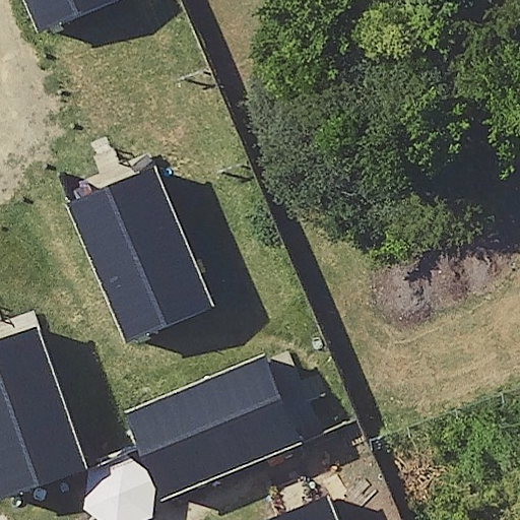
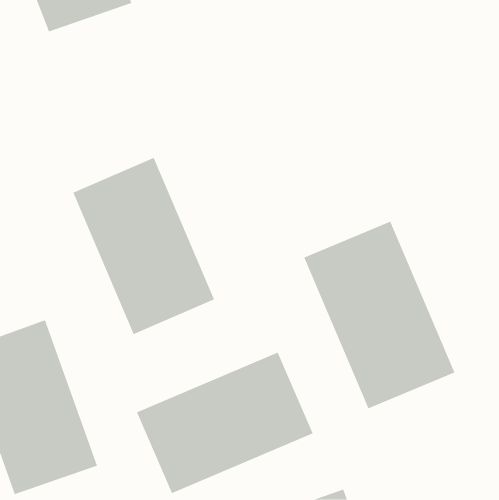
building: none -> [303,221,455,409]

